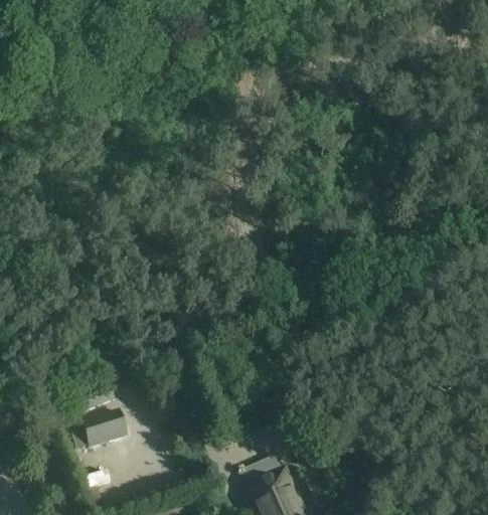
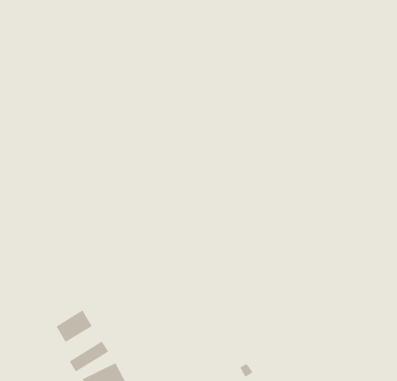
building: none -> [56,309,93,343]

